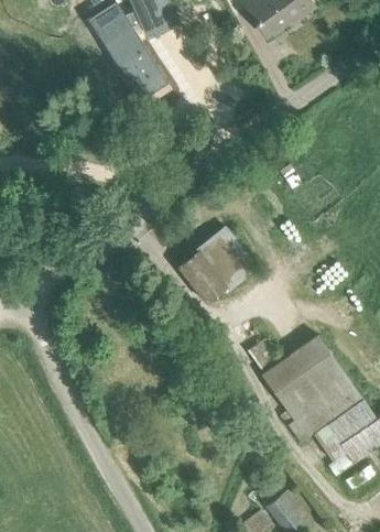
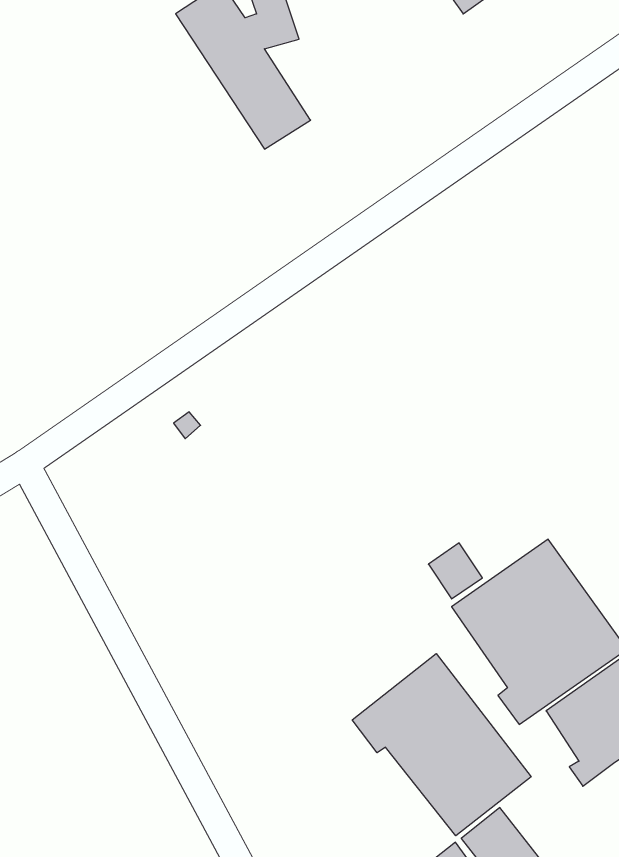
building: [176,225,257,303] -> none
building: none -> [352,654,531,836]

